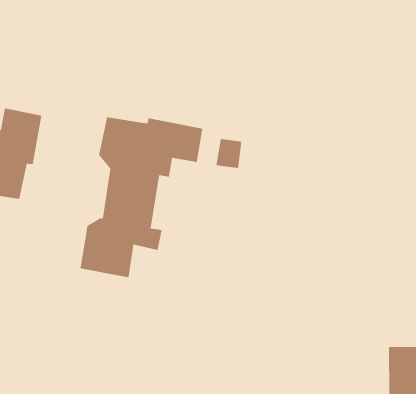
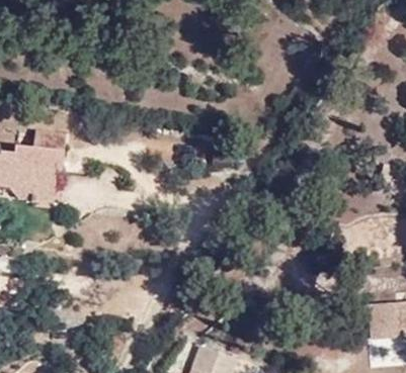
building: [80,116,203,278] -> none

